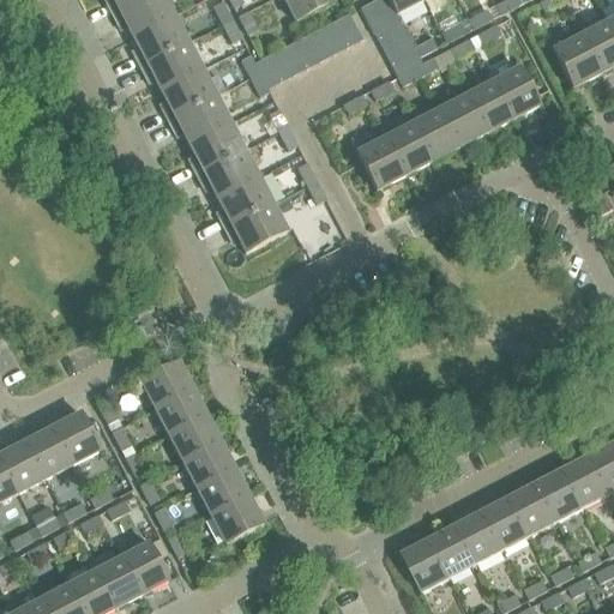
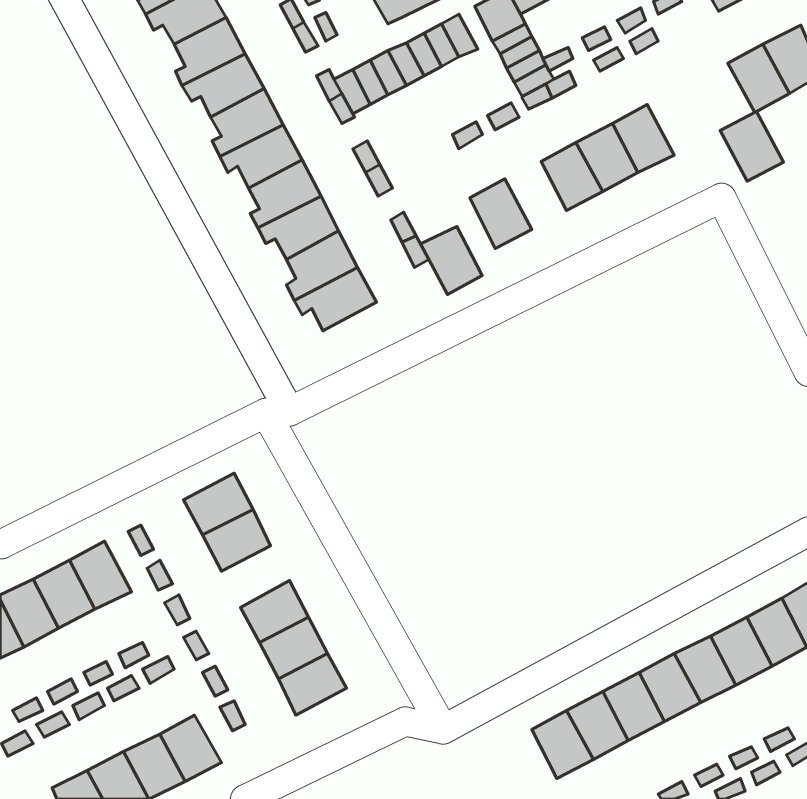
building: [492,65,540,118] -> [720,111,783,181]
building: [384,122,431,174] -> [421,227,482,295]
building: [169,414,221,460] -> none

